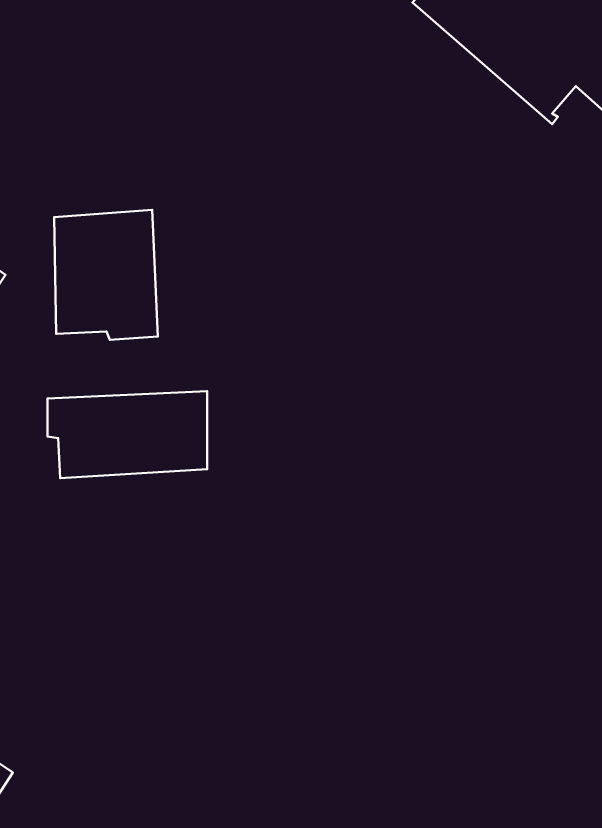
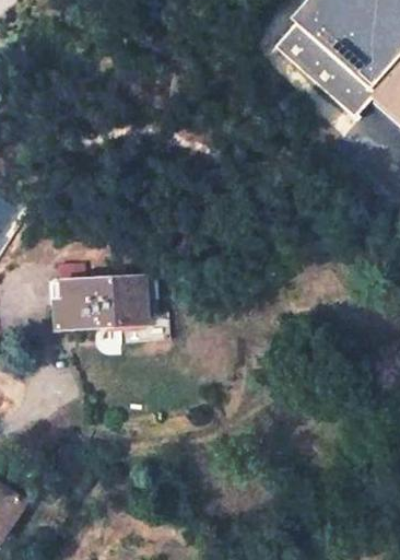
building: [54,210,158,340] -> none

